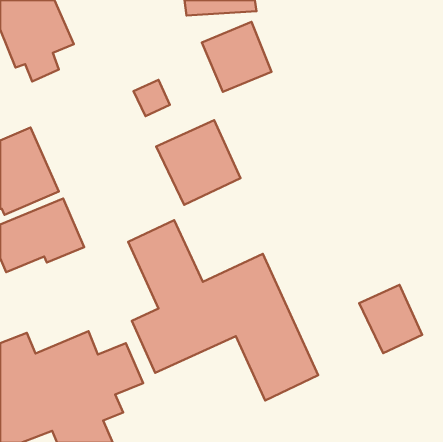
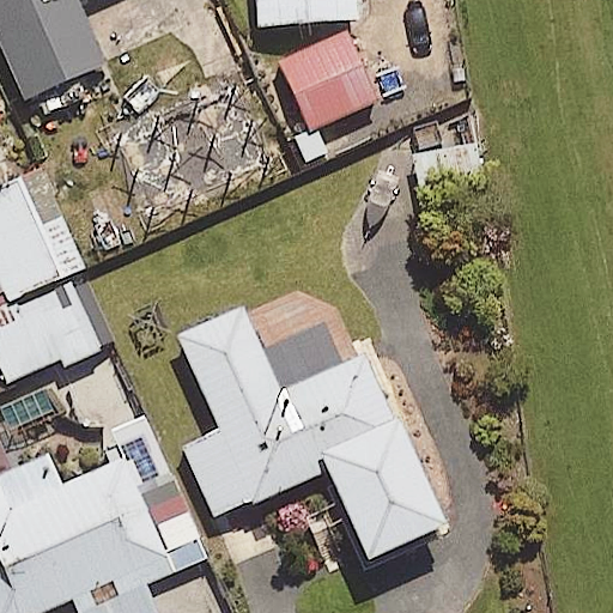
building: [156,120,241,205] -> none
building: [359,285,422,353] -> none

